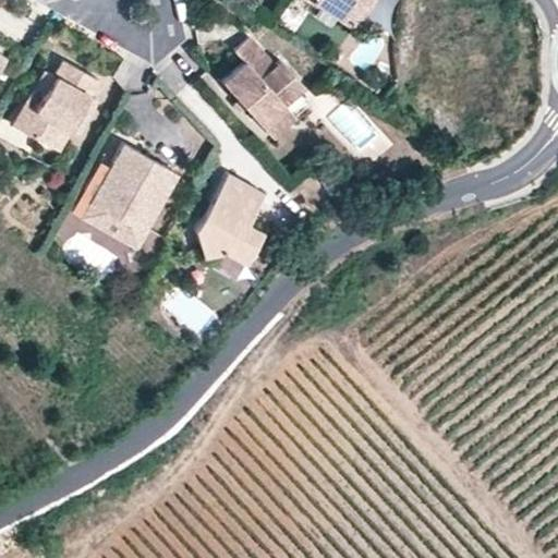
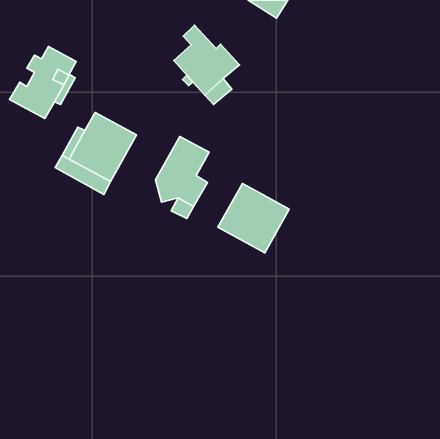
building: none -> [218,184,289,253]

